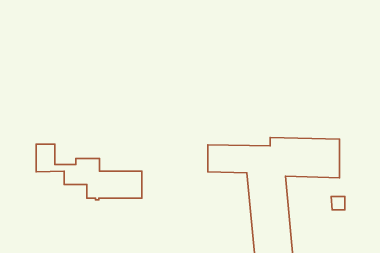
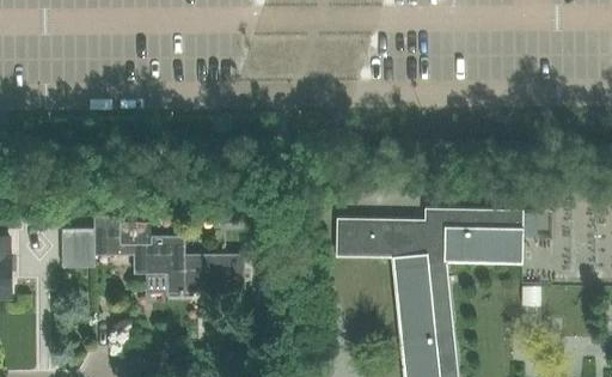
building: none -> [61,227,93,267]

